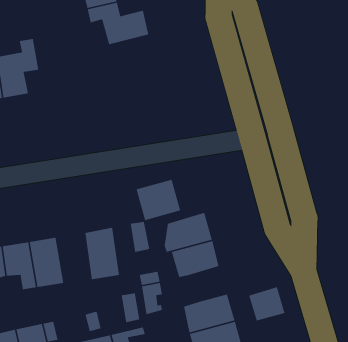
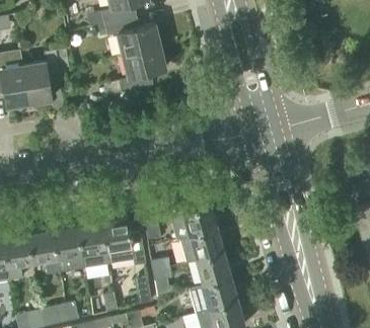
building: none -> [119,47,166,93]
building: [136,179,181,221] -> none
building: none -> [77,223,108,268]
building: [248,286,286,321] -> [197,253,230,284]

